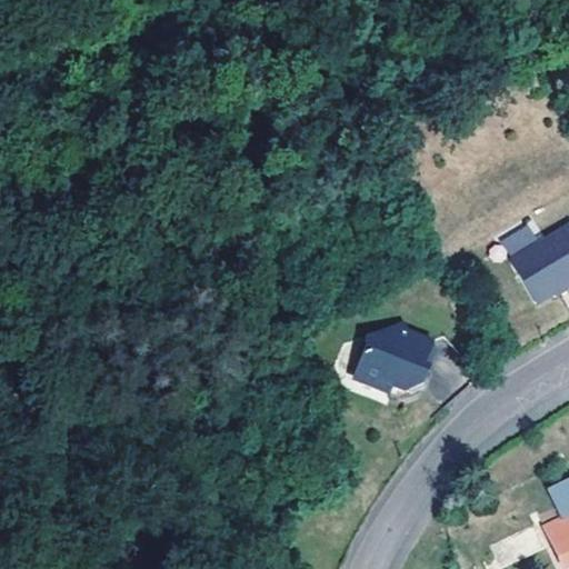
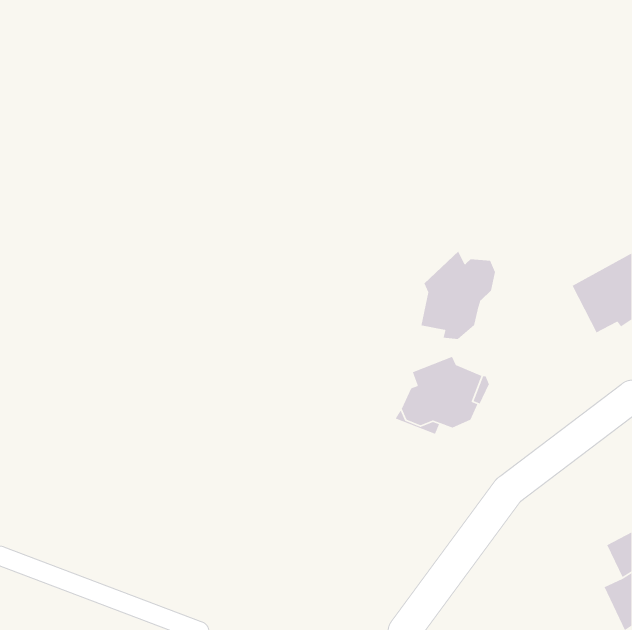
building: none -> [420,250,496,340]

